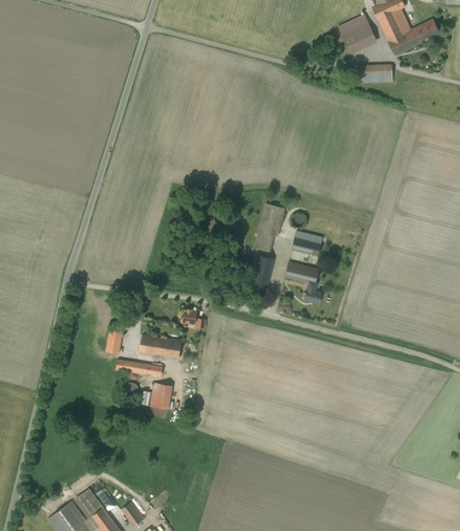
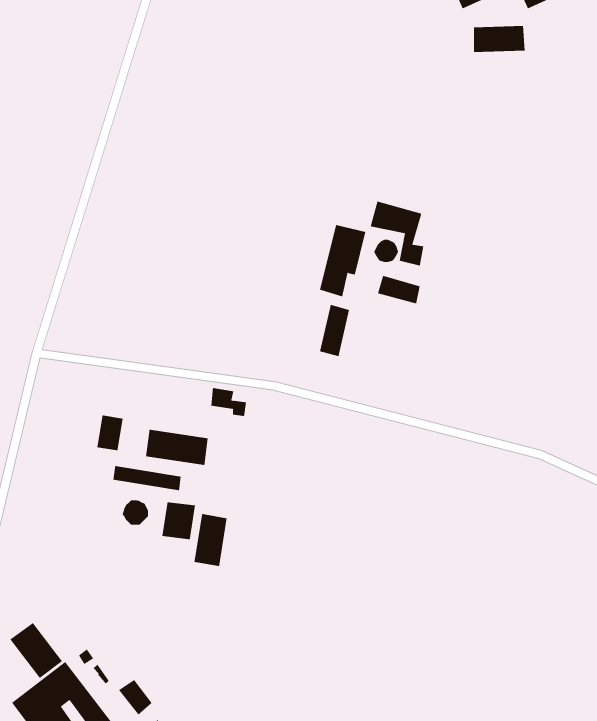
building: [286,257,322,300] -> [370,201,424,266]
building: none -> [194,513,227,567]
building: none -> [10,622,63,679]

